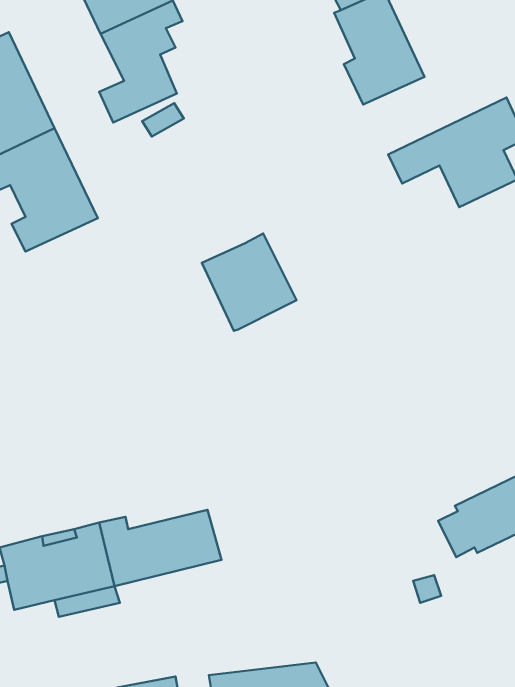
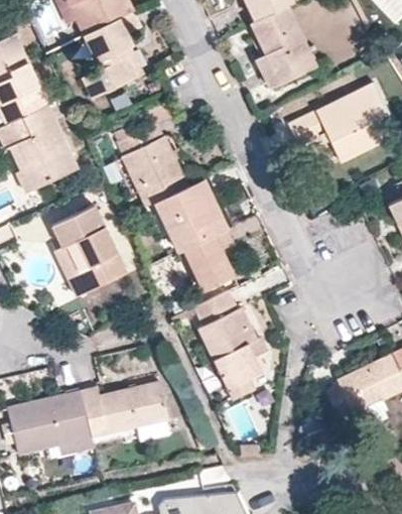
building: none -> [116,125,186,205]
building: none -> [53,206,127,290]
building: none -> [181,234,235,292]
building: none -> [193,290,264,390]

